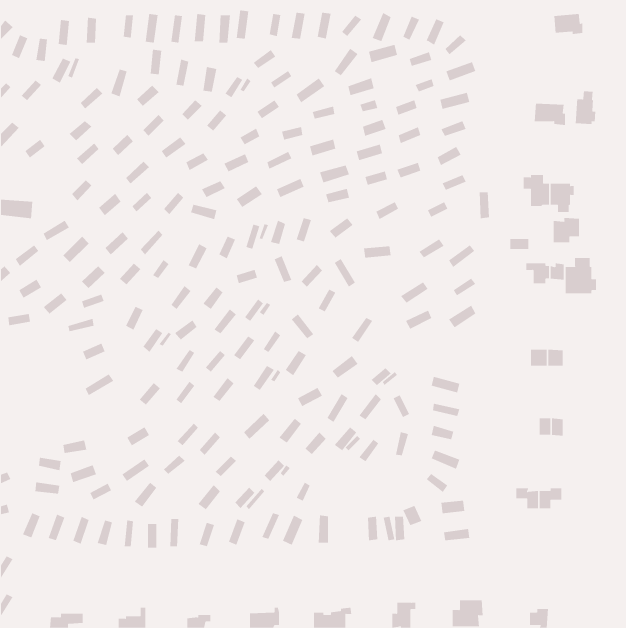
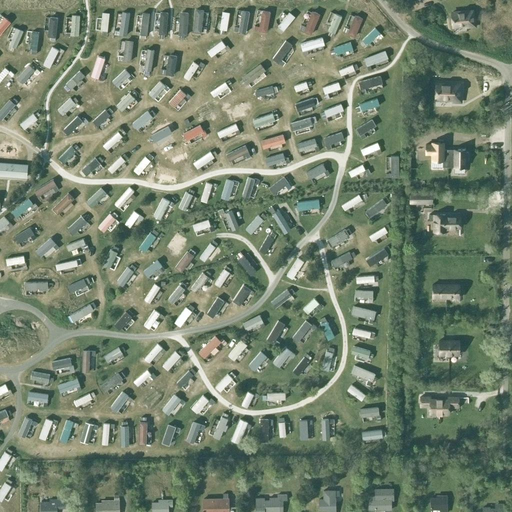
building: [575,90,596,125] -> none
building: [553,217,579,243] -> none
building: [565,257,597,294] -> none

